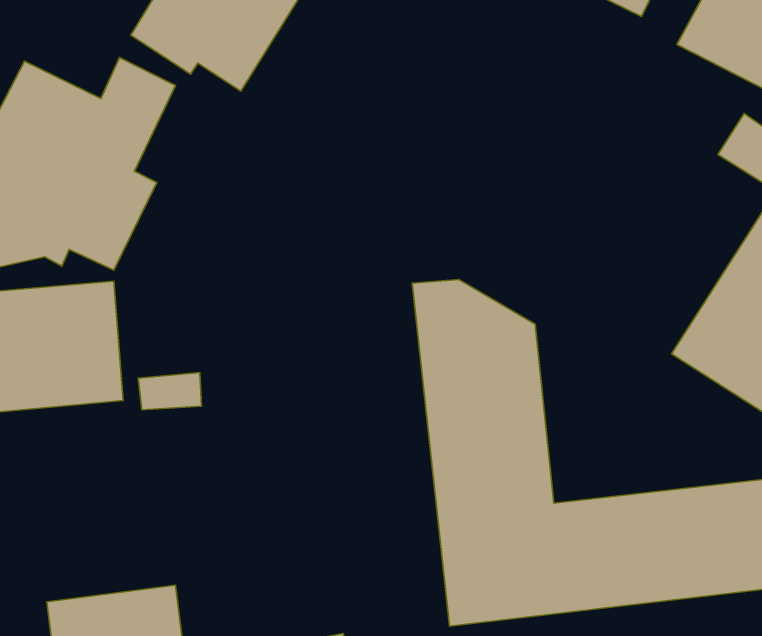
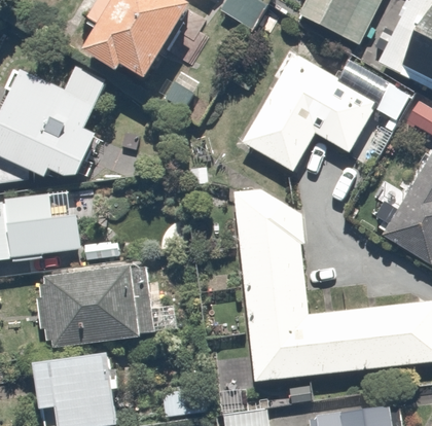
building: none -> [239,54,411,172]
building: none -> [35,265,150,350]

